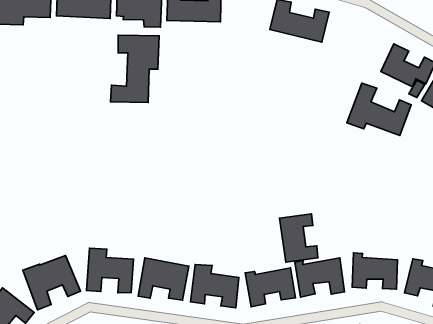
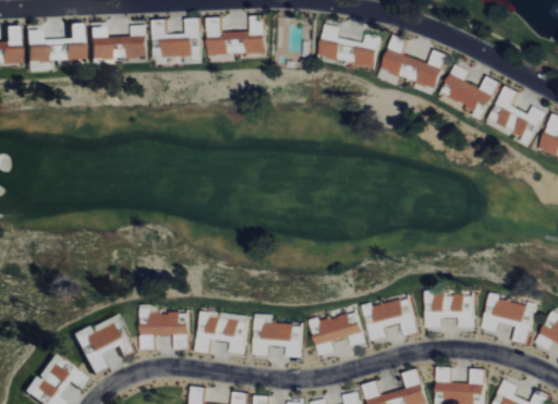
building: [110,35,159,103] -> none
building: [347,83,411,136] -> [379,35,447,88]
building: [279,214,318,262] -> none

